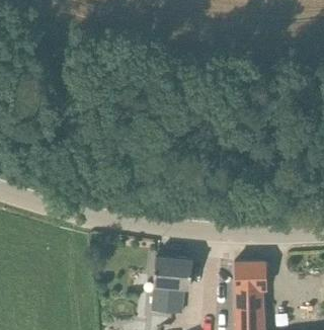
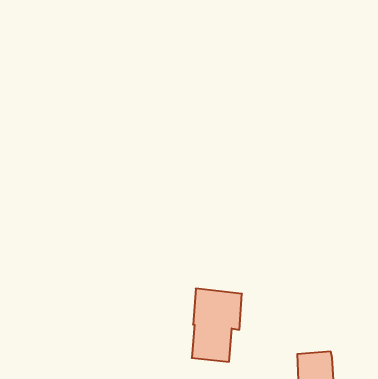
building: [235,260,267,307] -> none

